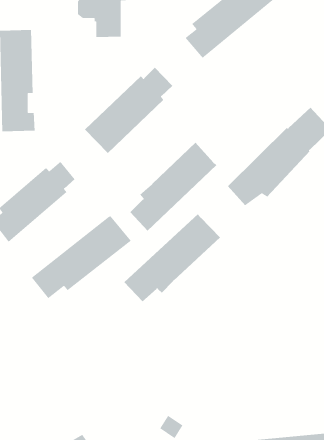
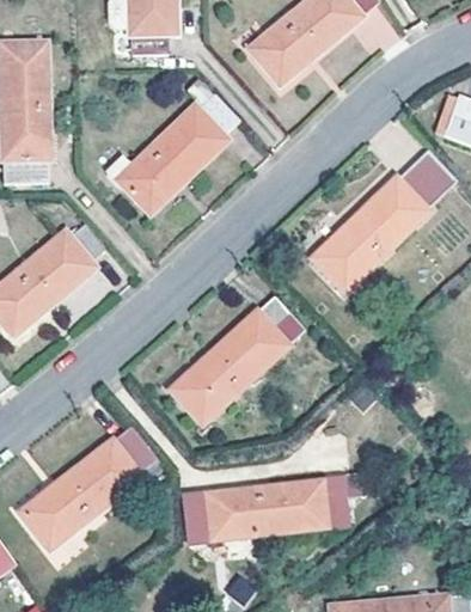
building: [130,142,217,232] -> none
building: [31,215,132,299] -> [20,427,159,541]
building: none -> [182,478,348,541]

